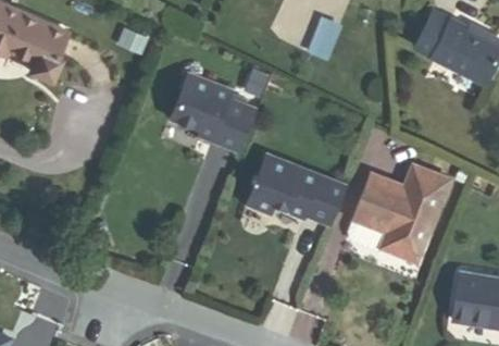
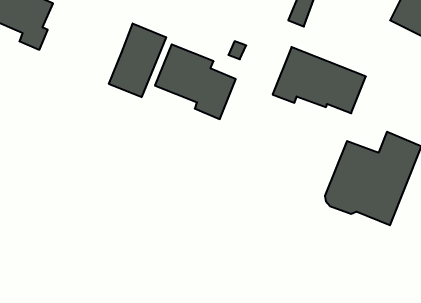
building: none -> [109,23,166,97]
building: [248,155,345,223] -> [273,47,366,113]

